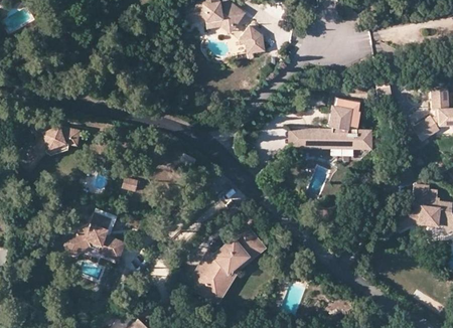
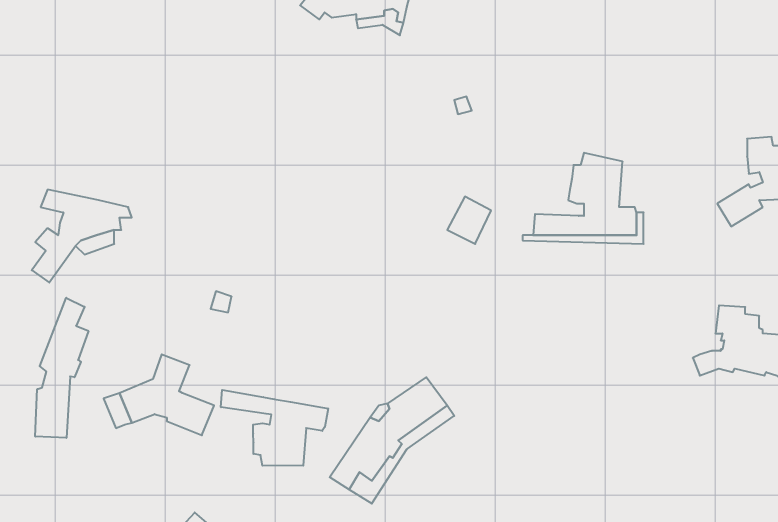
building: [243,27,264,58] -> none
building: [290,127,338,148] -> none
building: none -> [35,298,88,438]
building: none -> [221,390,328,466]

